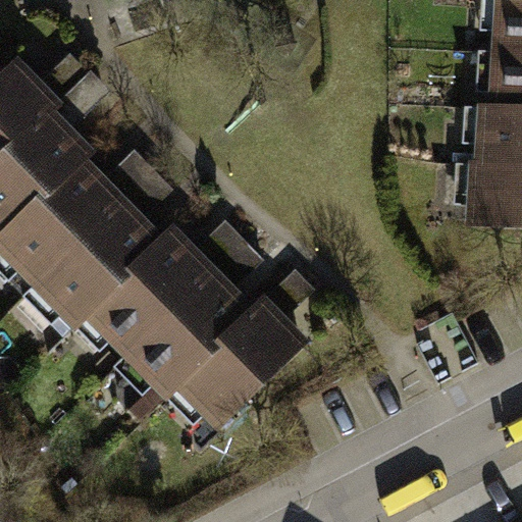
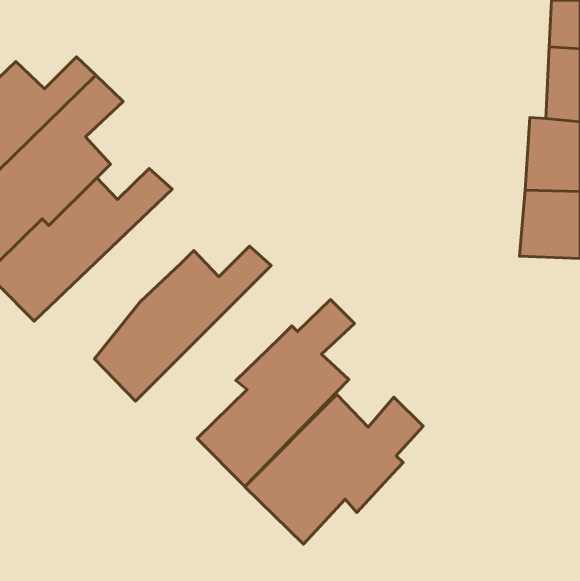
building: [31,170,173,329] -> none
building: [121,239,264,405] -> none
building: none -> [245,395,423,544]

